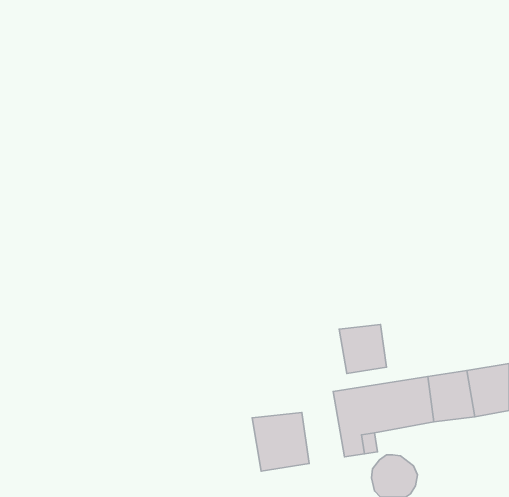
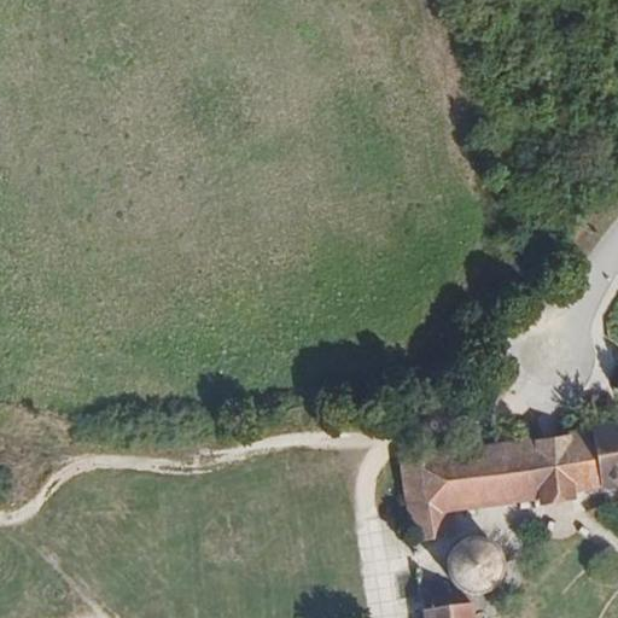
building: [339,325,387,373] -> none
building: [252,413,309,471] -> none

